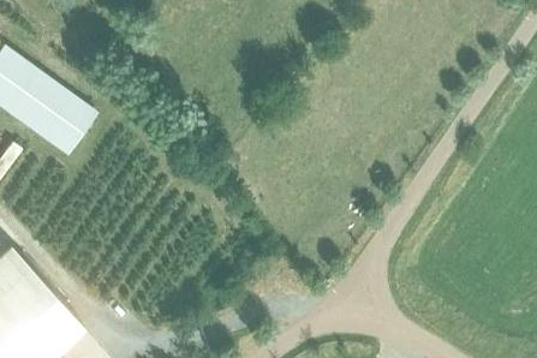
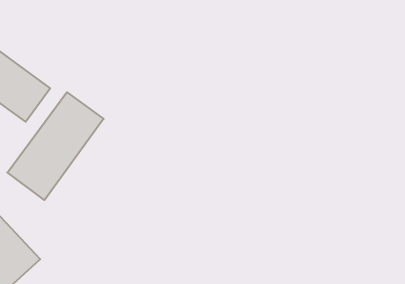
building: none -> [7,92,104,200]

